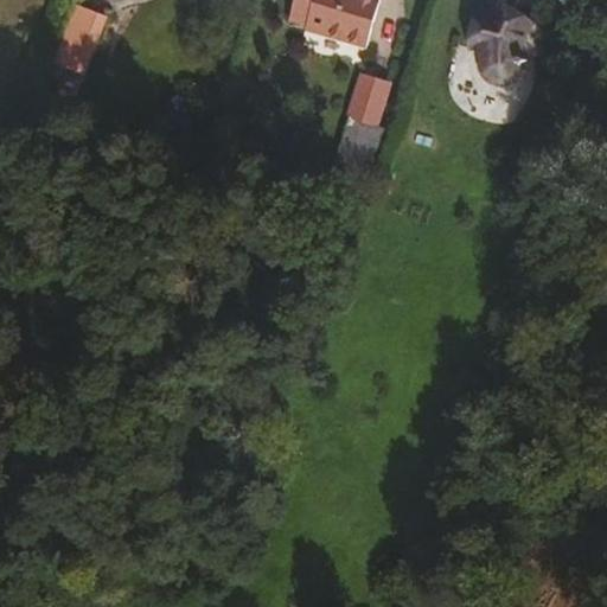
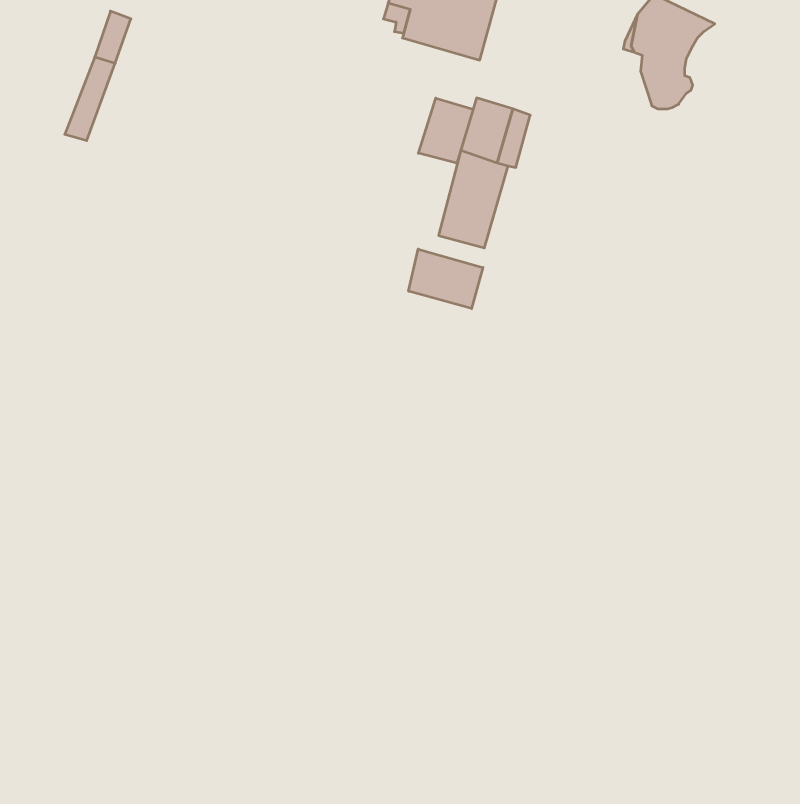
building: none -> [418,98,473,163]
building: none -> [409,249,483,309]

